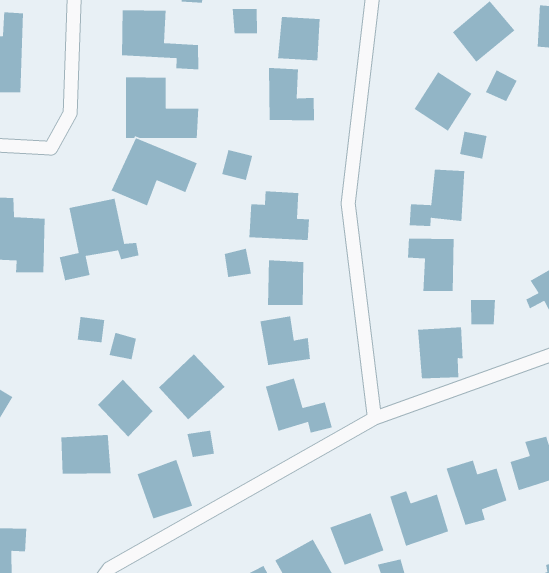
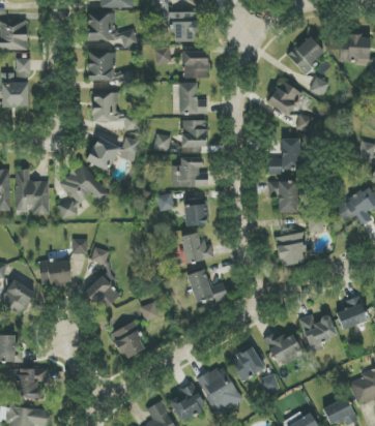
building: none -> [181,120,207,147]
building: [158,353,225,420] -> none
building: [60,434,112,475] -> [39,260,71,285]

